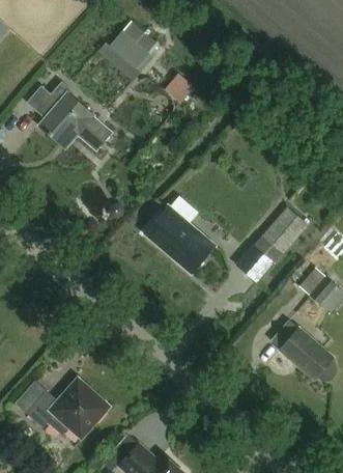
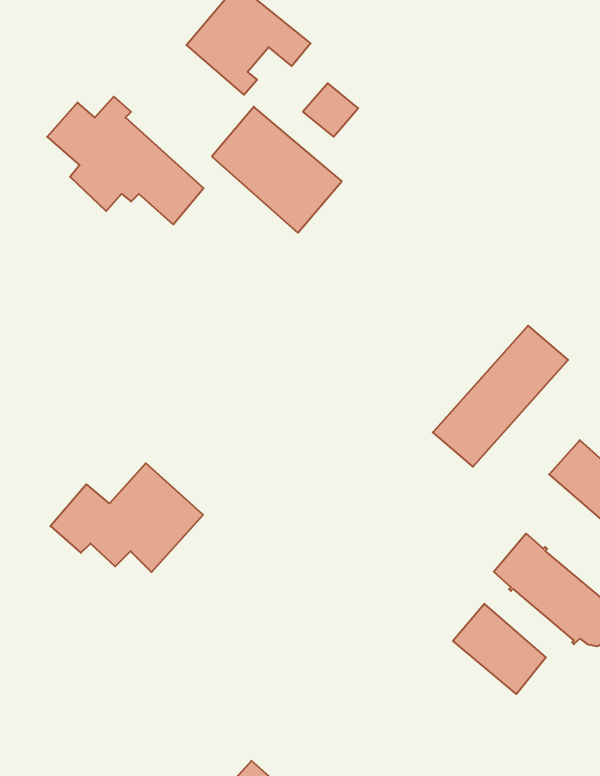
building: [144,206,215,275] -> [212,107,342,233]
building: none -> [453,604,546,694]
building: [25,378,108,437] -> [50,463,203,572]

